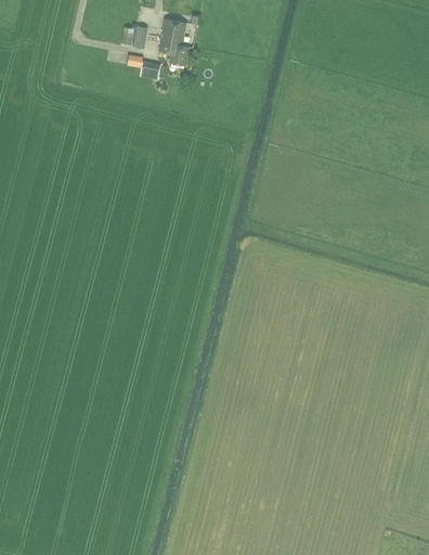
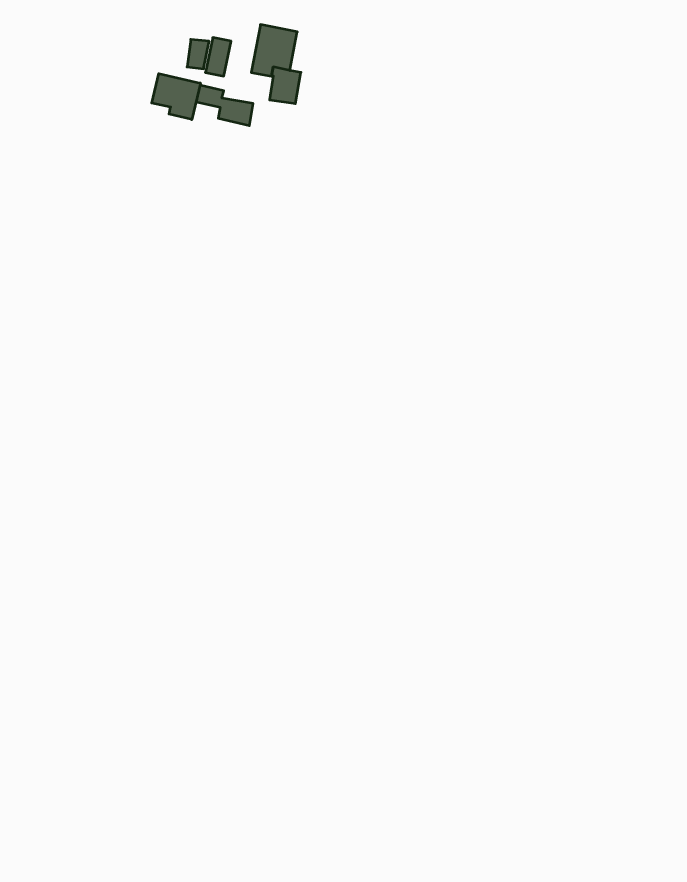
building: none -> [152,74,200,120]

